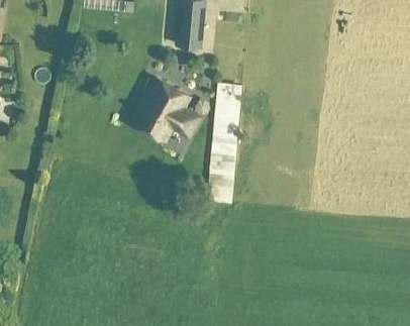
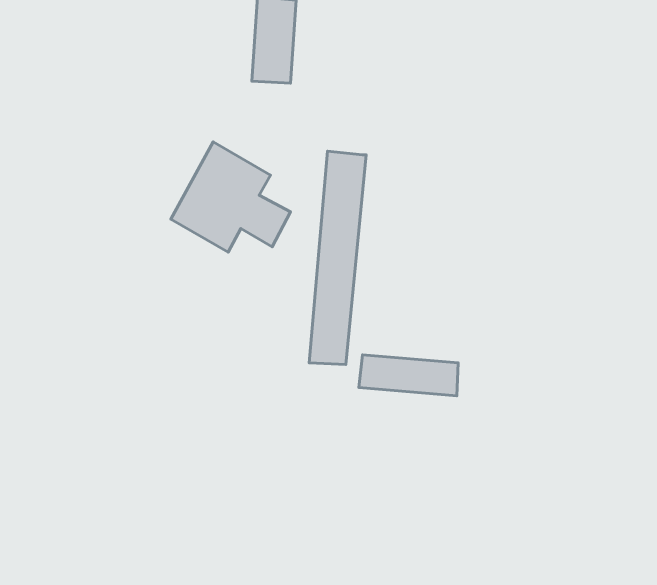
building: none -> [359,355,458,396]

